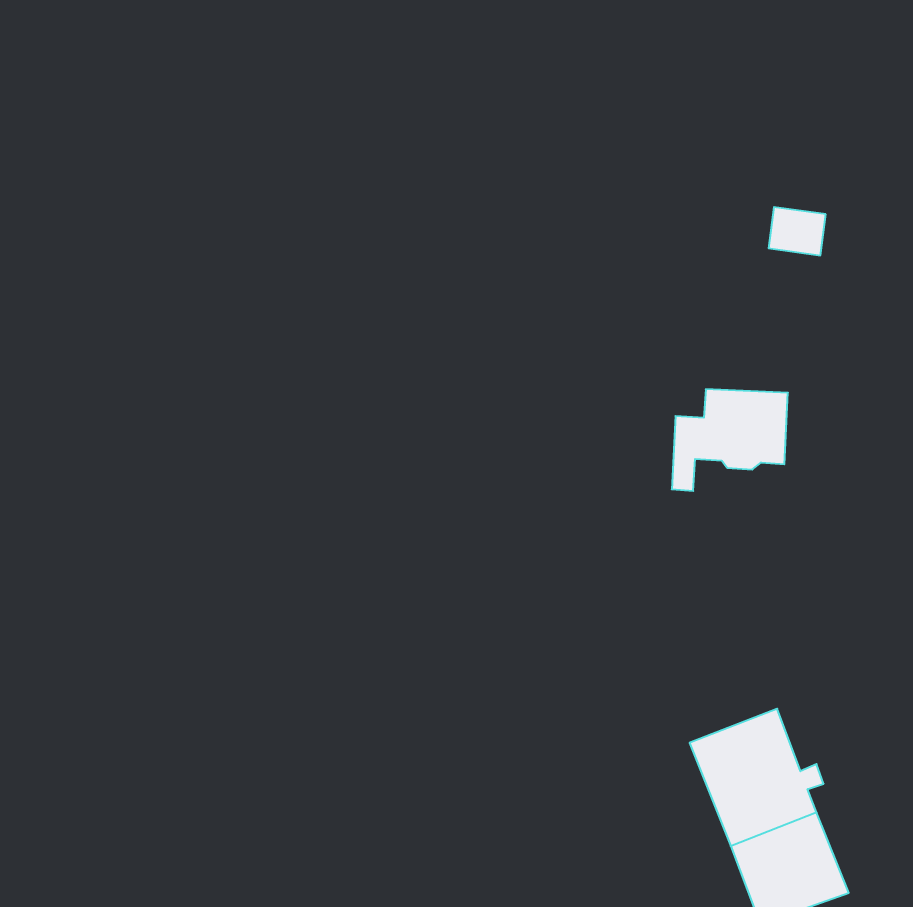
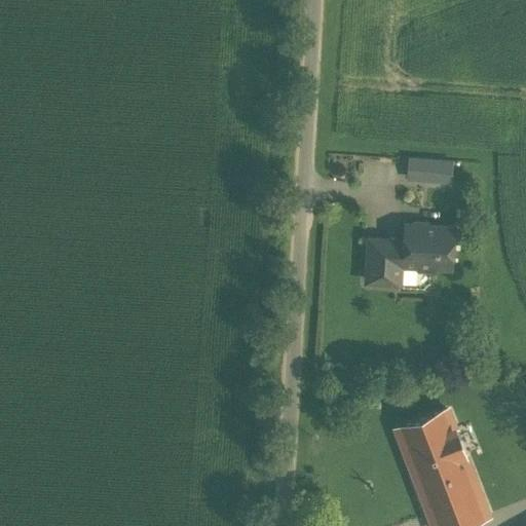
building: [769,207,826,255] -> [406,156,439,184]
building: none -> [368,241,388,285]

